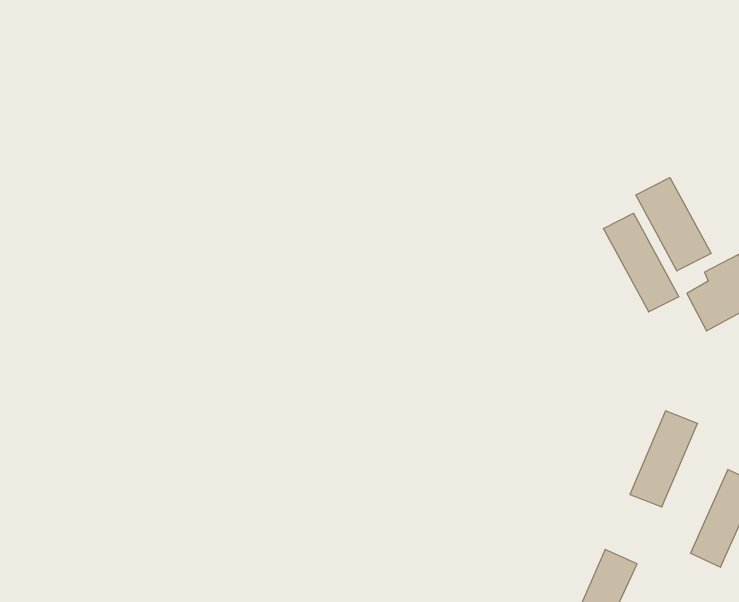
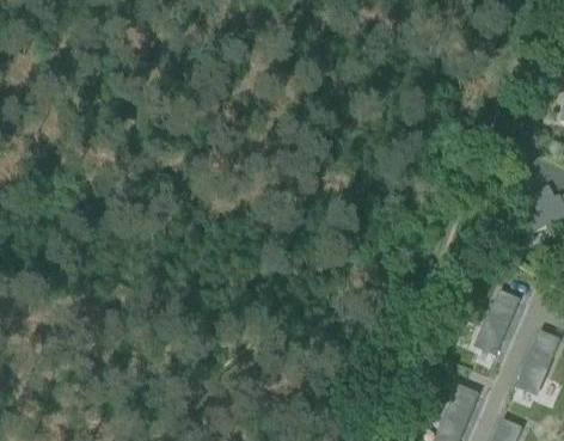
building: [636,178,711,271] -> none
building: [603,213,679,312] -> none

